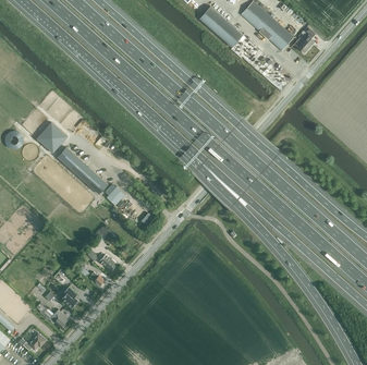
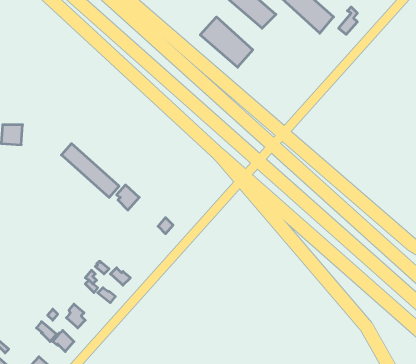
building: none -> [200,17,253,67]
building: [37,122,68,153] -> none

